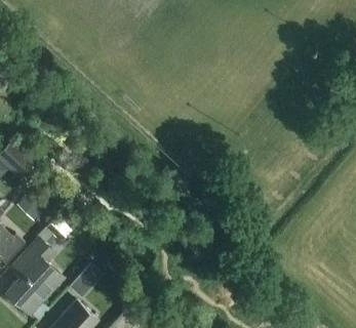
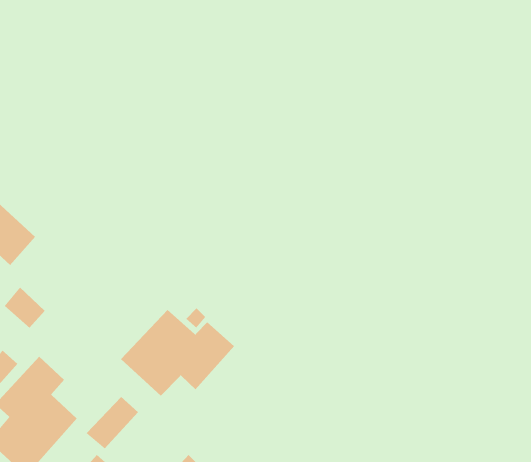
building: none -> [120,309,235,396]

